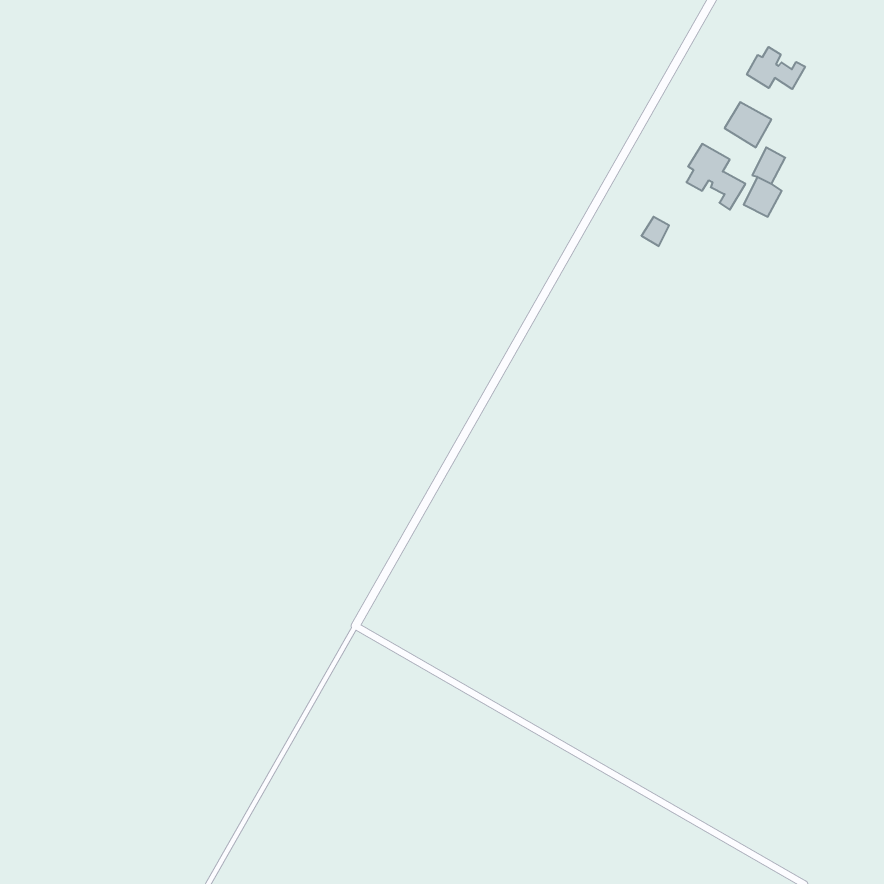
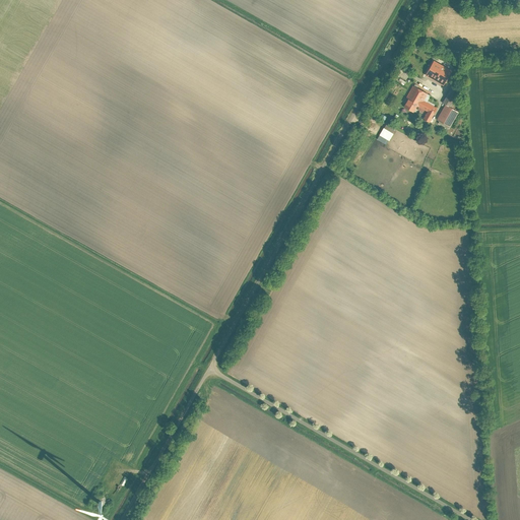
building: [747,47,805,89] -> none

